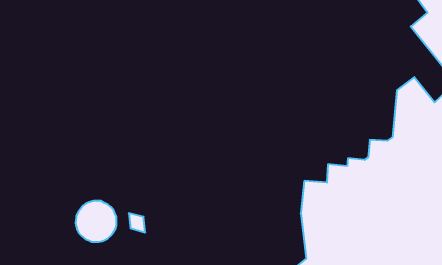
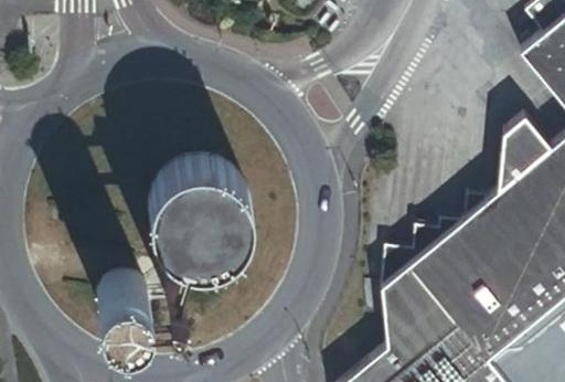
building: none -> [149,160,253,264]

